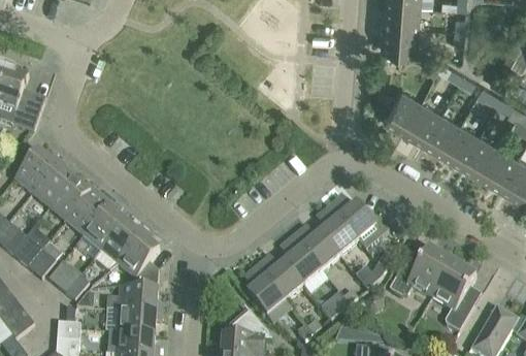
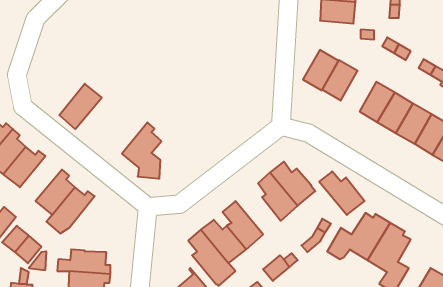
building: [403,101,440,143] -> [303,50,338,90]
building: [67,190,111,237] -> [59,84,102,129]
building: [293,227,340,272] -> [319,171,365,215]
building: [119,232,160,291] -> [122,122,161,179]

